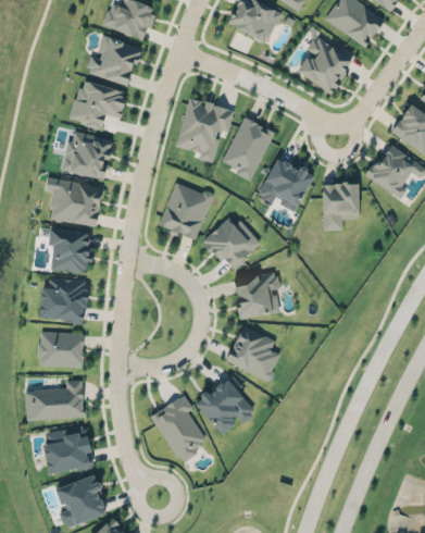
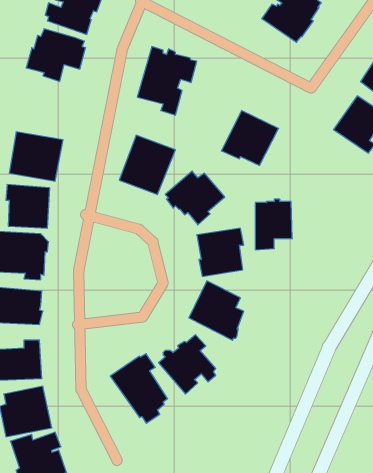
building: [223,117,274,183] -> none
building: [62,132,113,181] -> none
building: [324,181,360,230] -> [255,199,292,250]

